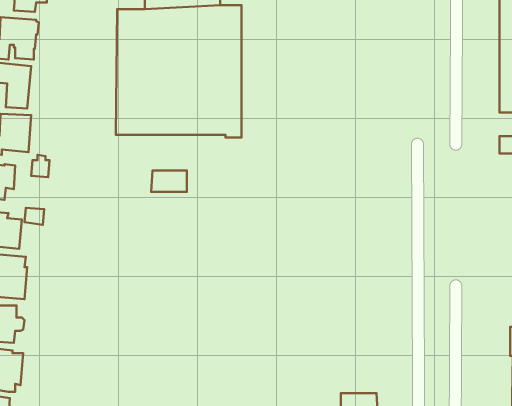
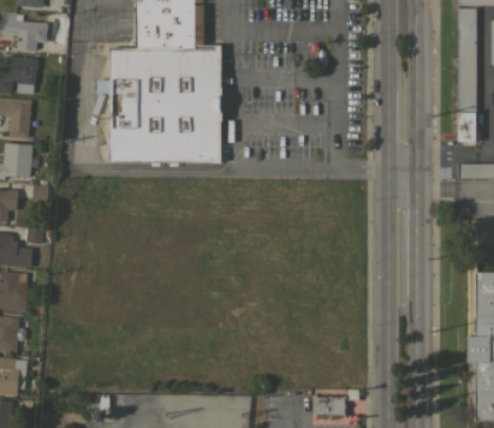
building: [151,171,187,192] -> none

